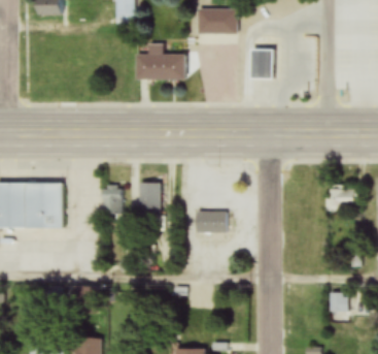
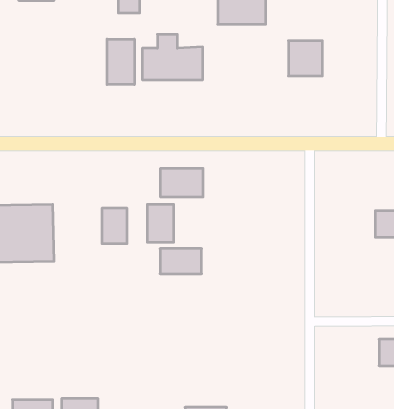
building: none -> [107,39,134,85]
building: none -> [161,168,203,197]
building: [194,211,228,231] -> [160,249,202,274]

